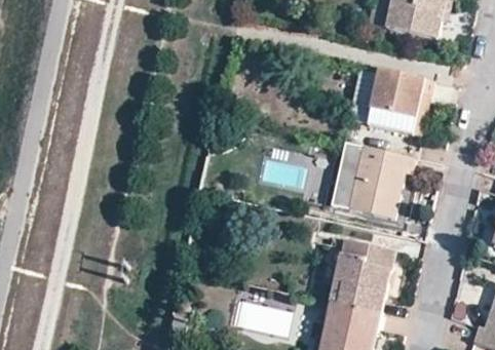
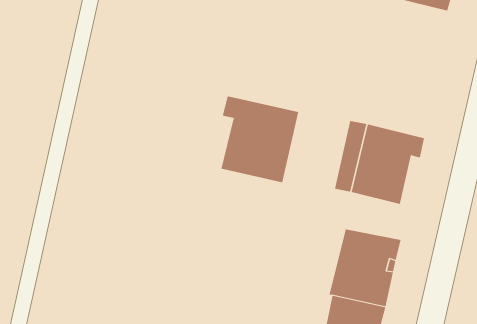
building: [368,69,433,131] -> none
building: none -> [221,96,299,183]

